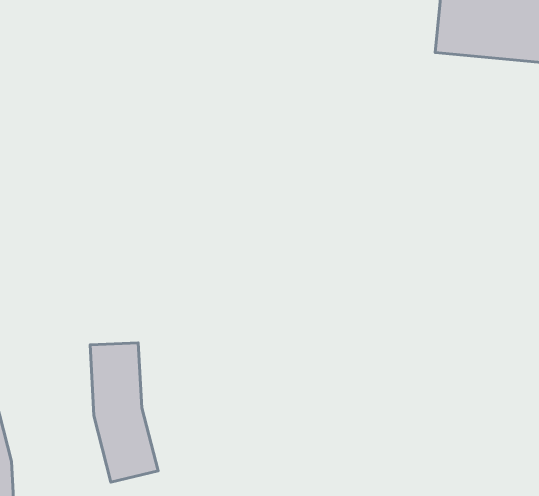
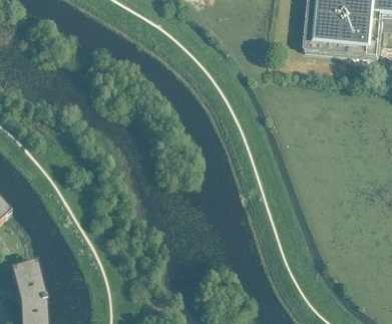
building: [90,343,158,482] -> none

